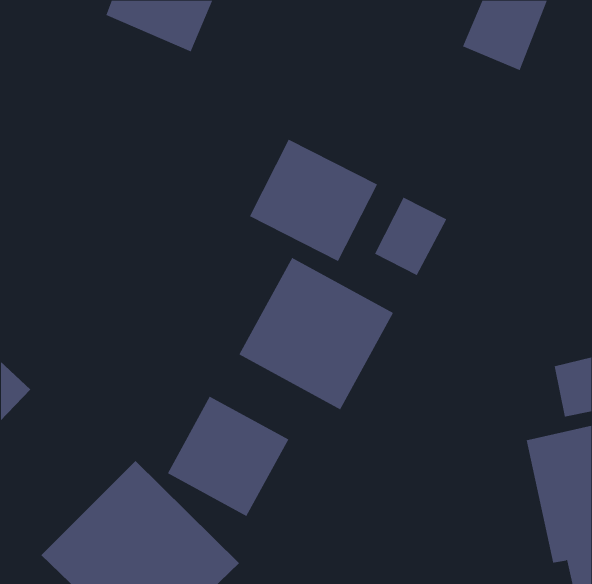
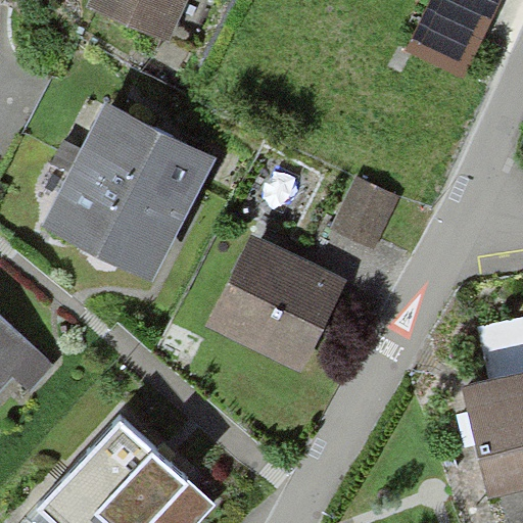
building: none -> [54,105,208,274]
building: [249,139,378,262] -> none
building: [167,396,289,517] -> none

